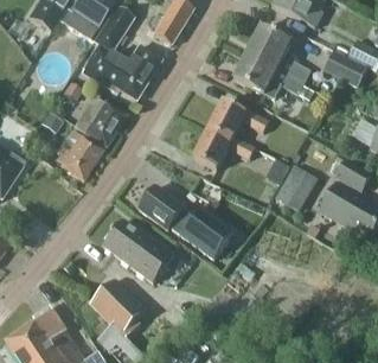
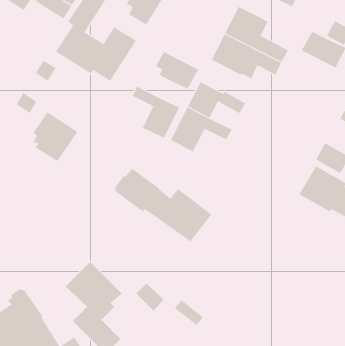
building: none -> [155,51,199,90]
building: [73,96,126,146] -> none
building: none -> [132,86,180,138]
building: [274,165,316,211] -> none
building: [102,219,174,282] -> none

